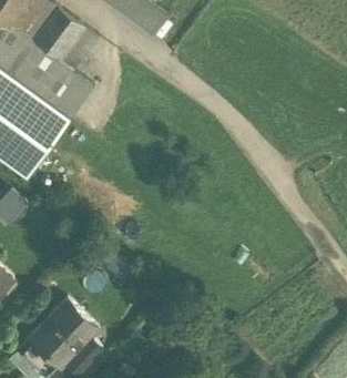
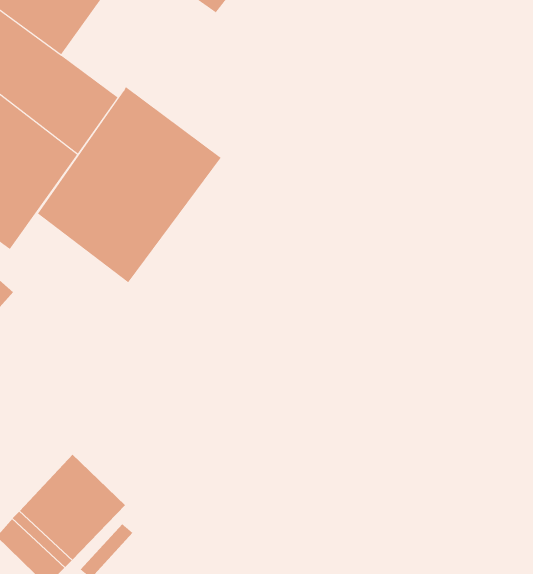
building: none -> [37,86,221,283]

